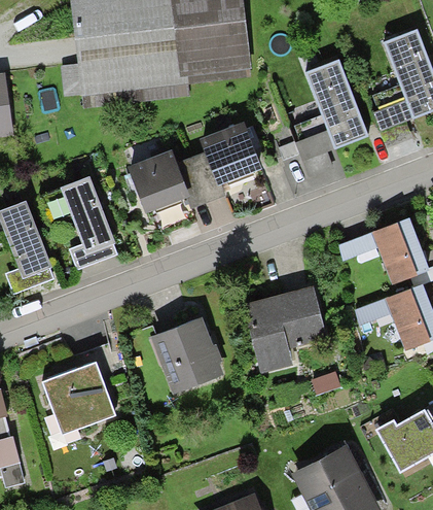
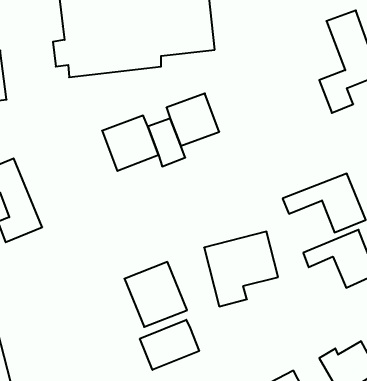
building: [296,60,367,178] -> none
building: [38,176,120,272] -> none
building: [40,361,114,435] -> none
building: none -> [140,320,199,370]

